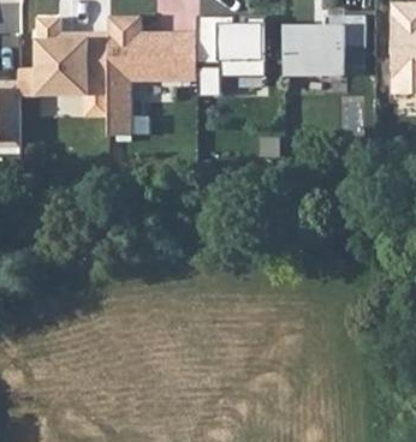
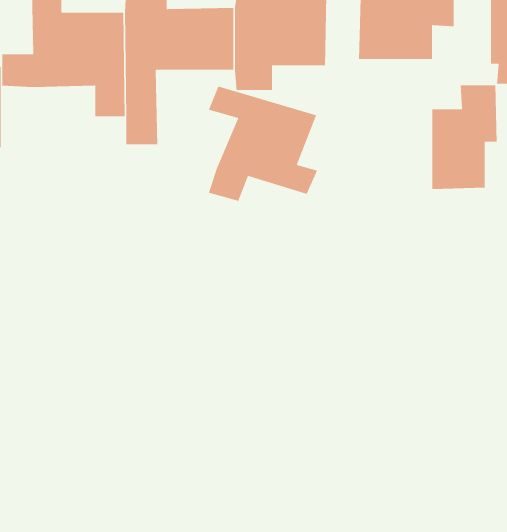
building: none -> [432,85,498,190]
building: none -> [208,85,318,202]

